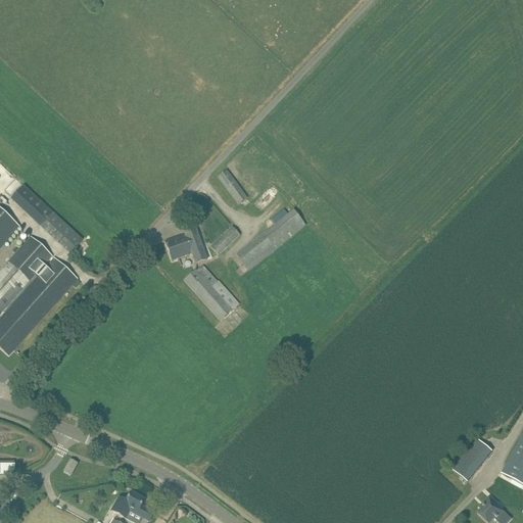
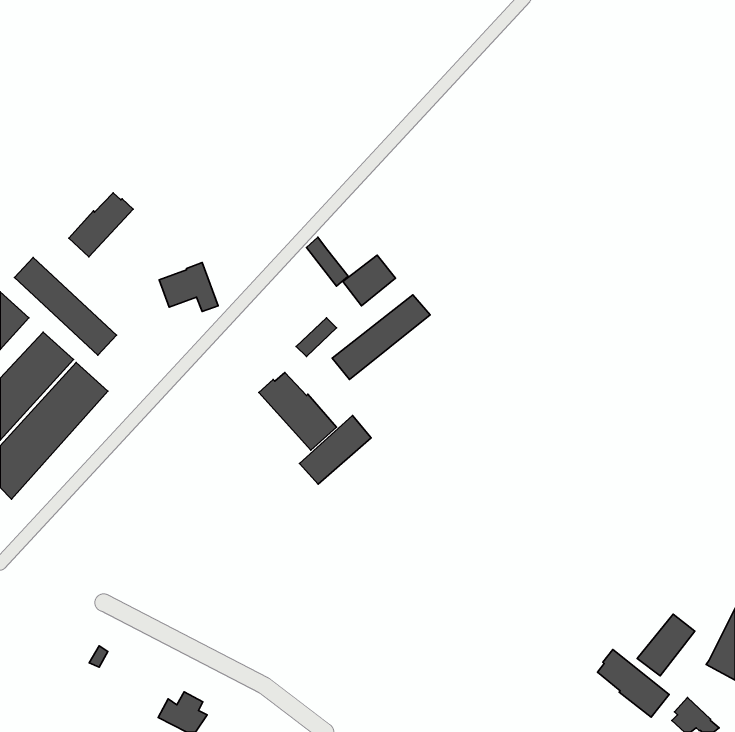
building: none -> [69,193,133,257]
building: none -> [343,255,396,306]
building: [164,228,206,263] -> [159,263,218,312]
building: none -> [300,415,371,484]
building: none -> [598,650,669,717]

